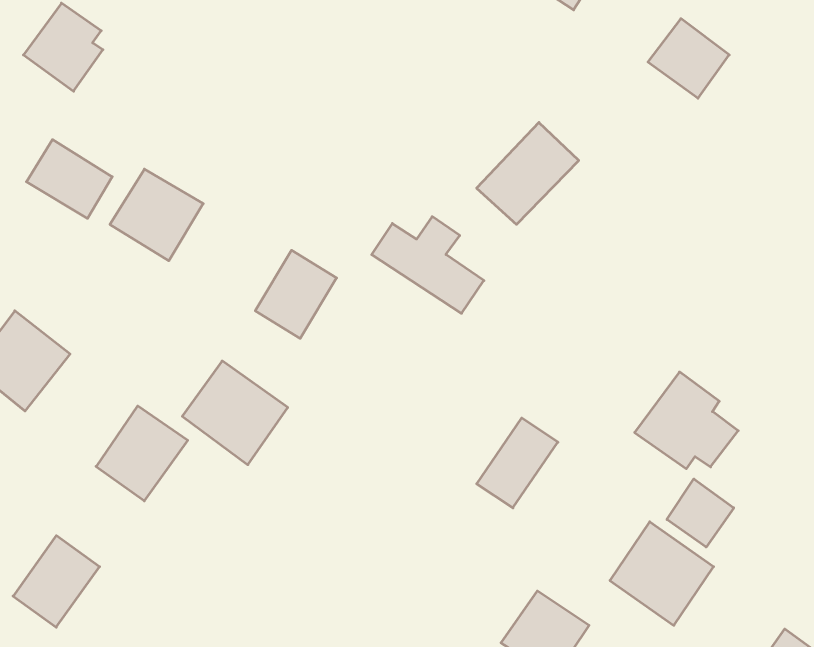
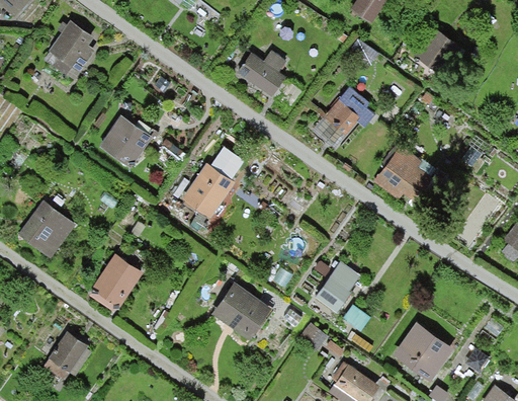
building: [26,140,112,218] -> none
building: [372,217,484,313] -> [236,50,301,106]
building: [182,361,288,465] -> [209,280,271,341]
building: [635,372,738,469] -> [373,144,434,200]
building: [667,479,734,547] -> none

